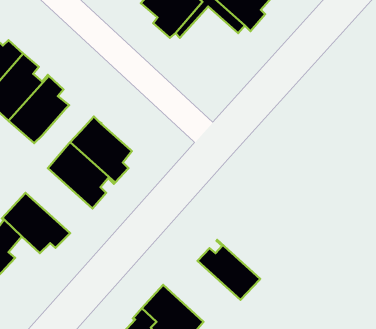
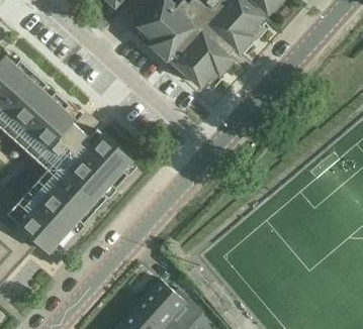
building: none -> [171,30,232,86]
building: none -> [50,122,88,154]
building: none -> [34,176,95,234]
building: [197,240,260,300] -> none

